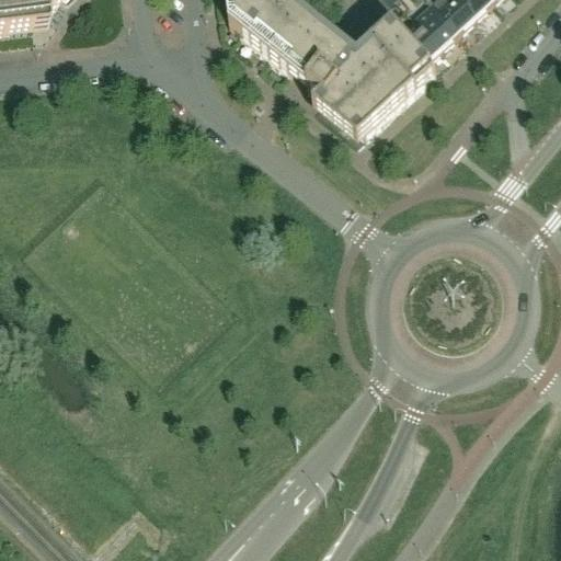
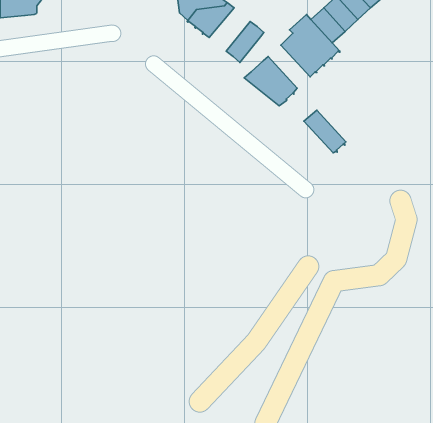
building: [273,10,325,67] -> none
building: [312,42,356,92] -> none
building: [348,58,402,113] -> [304,110,346,153]

